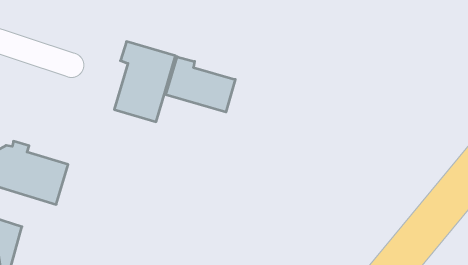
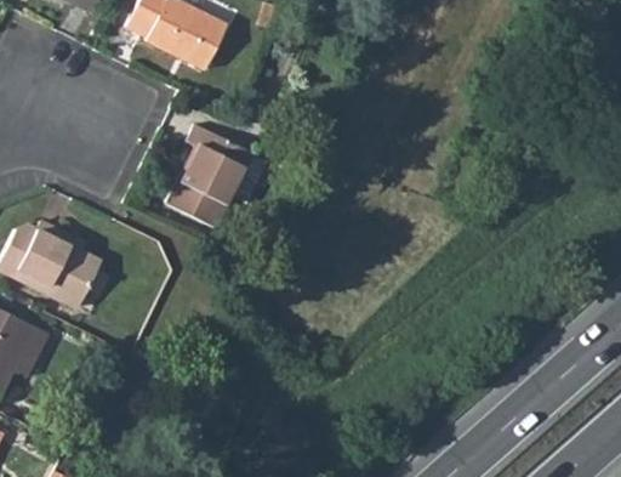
building: [166,57,235,112] -> none

